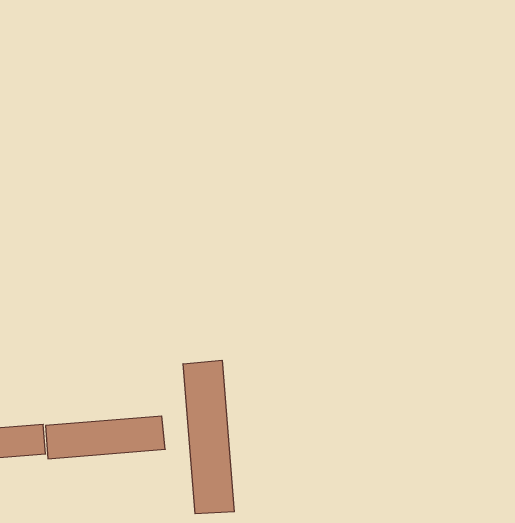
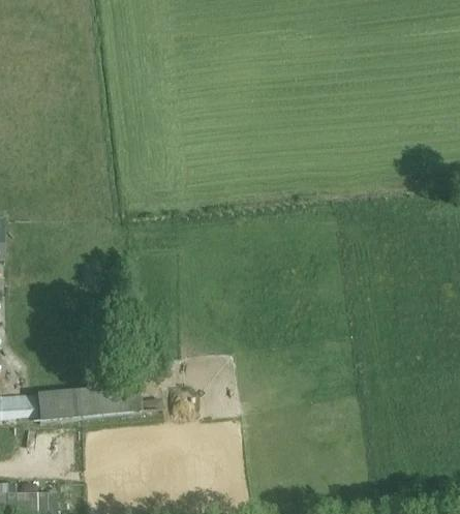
building: [183,360,234,514] -> none

